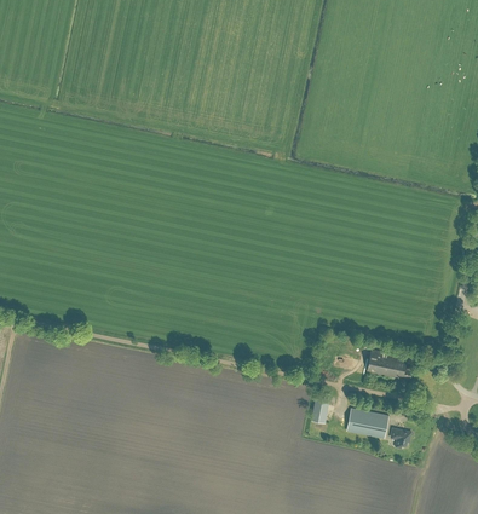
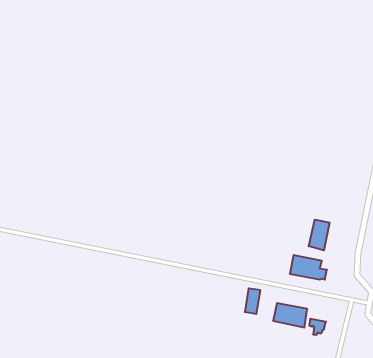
building: none -> [309,220,330,250]

